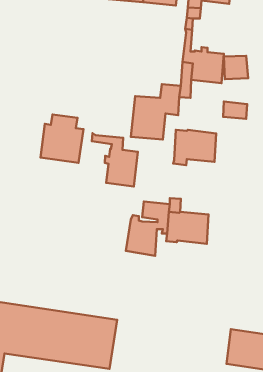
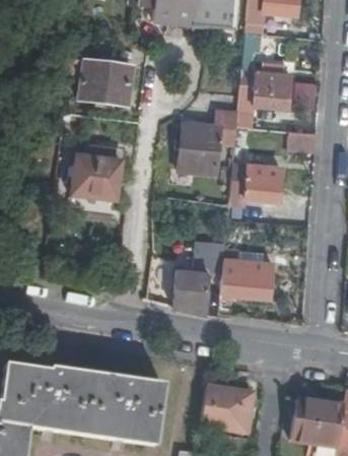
building: none -> [71,61,133,106]
building: [92,133,138,187] -> none
building: none -> [201,386,254,433]

